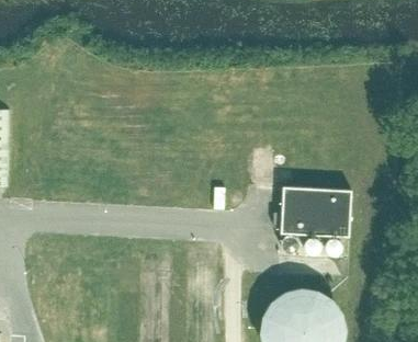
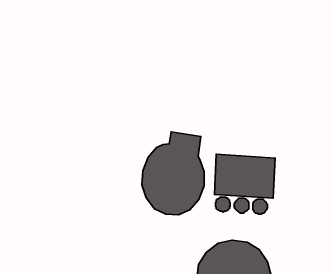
building: none -> [142,132,204,215]

